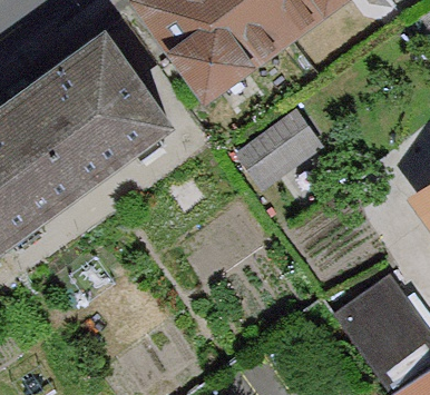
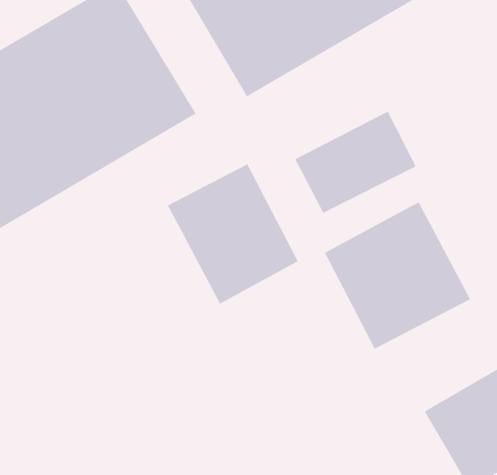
building: none -> [167,163,299,304]
building: none -> [324,201,471,349]

